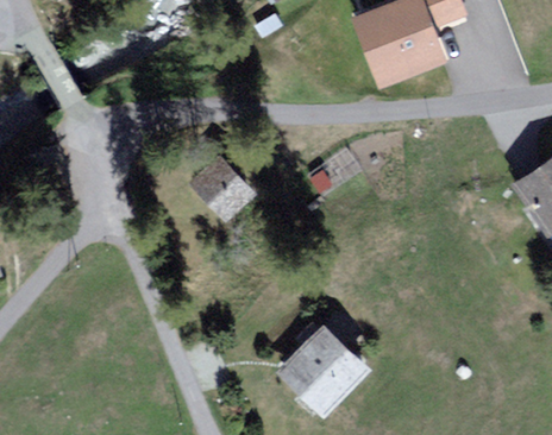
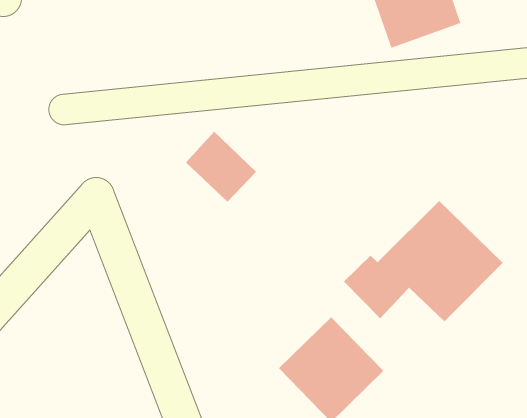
building: none -> [343,200,504,322]

